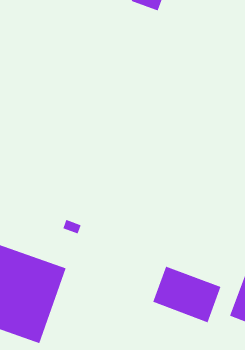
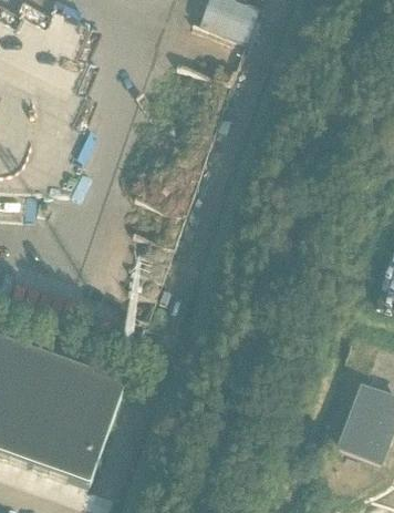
building: [153,266,221,323] -> none

